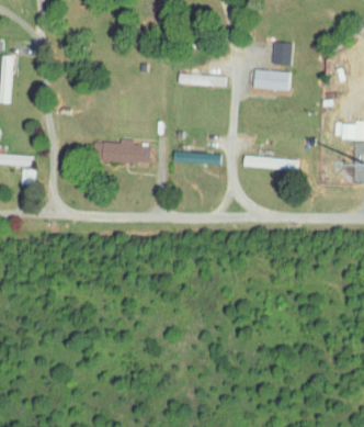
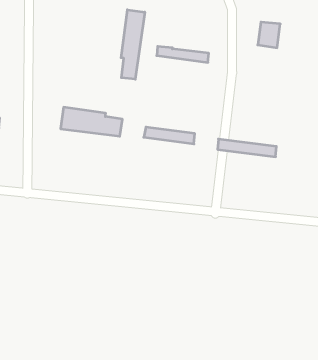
building: none -> [121,10,145,79]
building: [253,70,291,89] -> none

